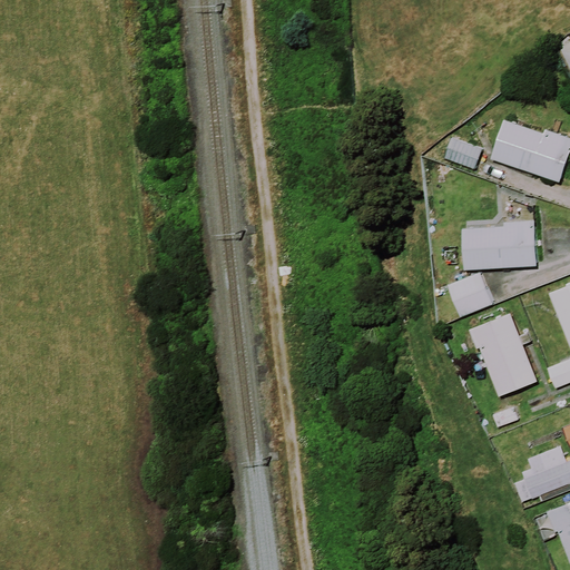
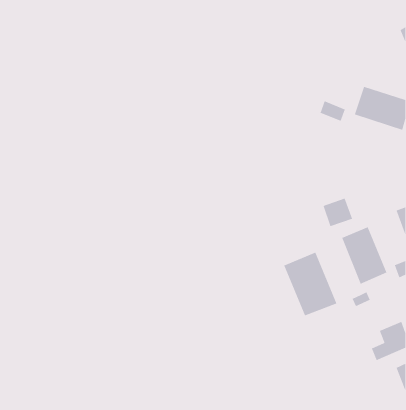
building: [463,210,534,269] -> none
building: none -> [283,252,337,317]

